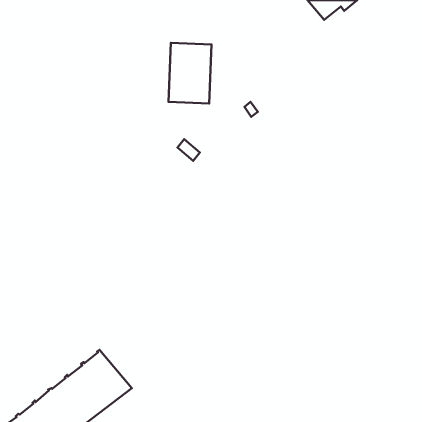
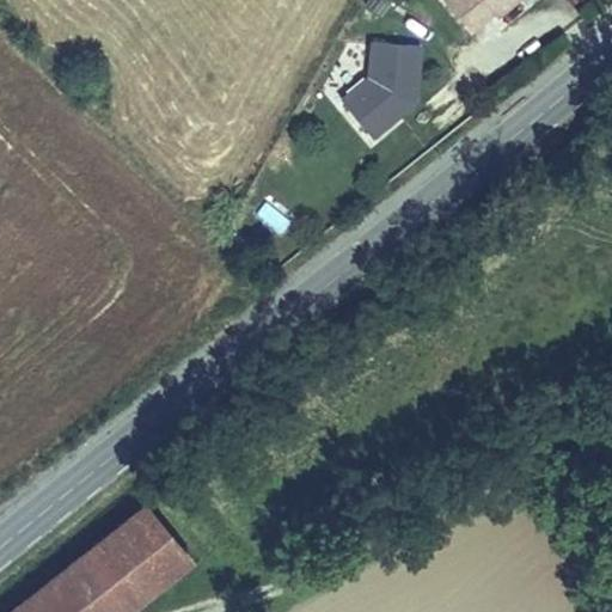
building: [168,43,211,103] -> [356,39,418,127]

